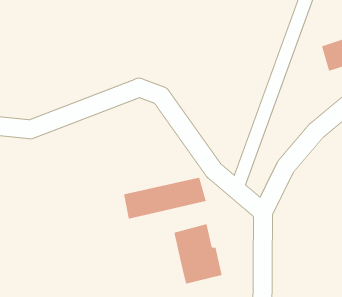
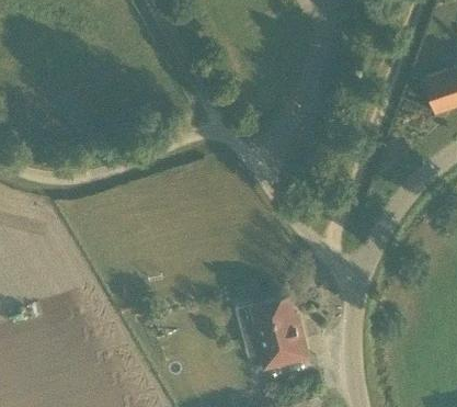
building: [124,177,206,219] -> none

